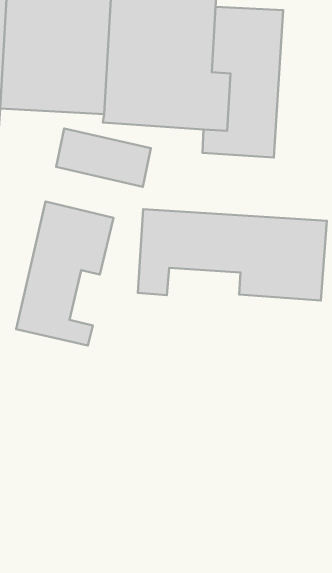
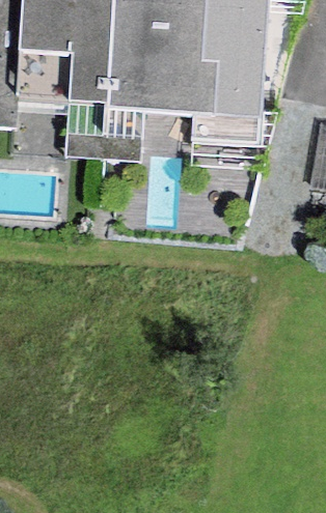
building: [16,202,114,346] -> none
building: [138,209,327,300] -> none

